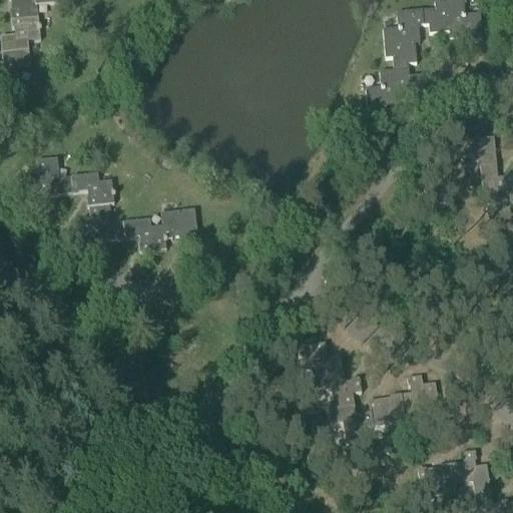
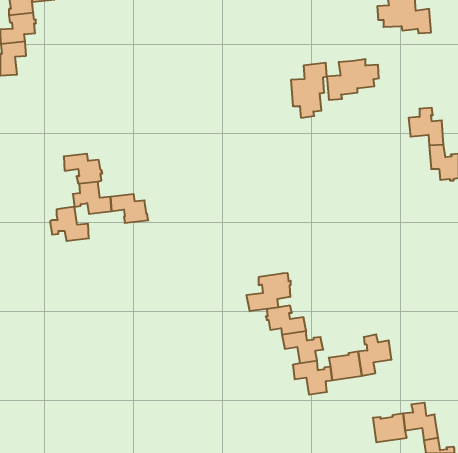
building: [383,7,423,68] -> [291,63,327,118]
building: [30,155,73,193] -> [50,207,89,241]
building: [161,206,197,238] -> none
building: none -> [247,273,291,311]

